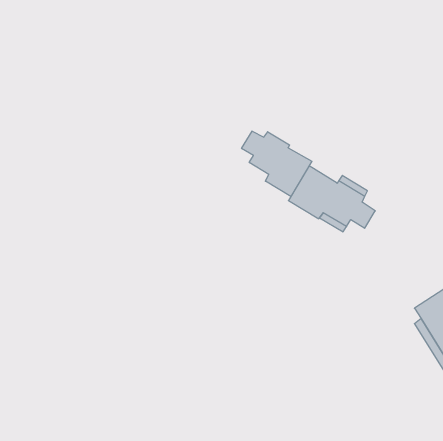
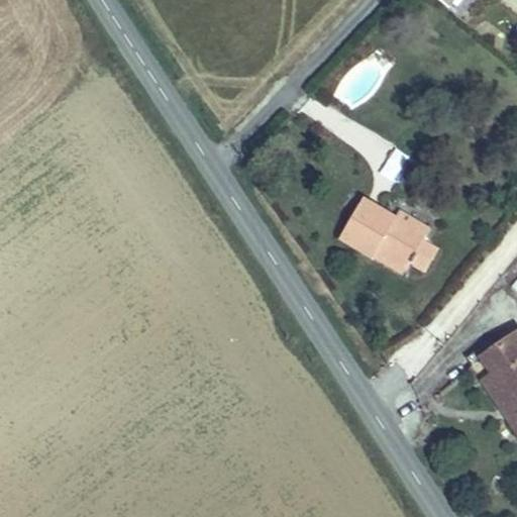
building: [242,131,312,196] -> none

